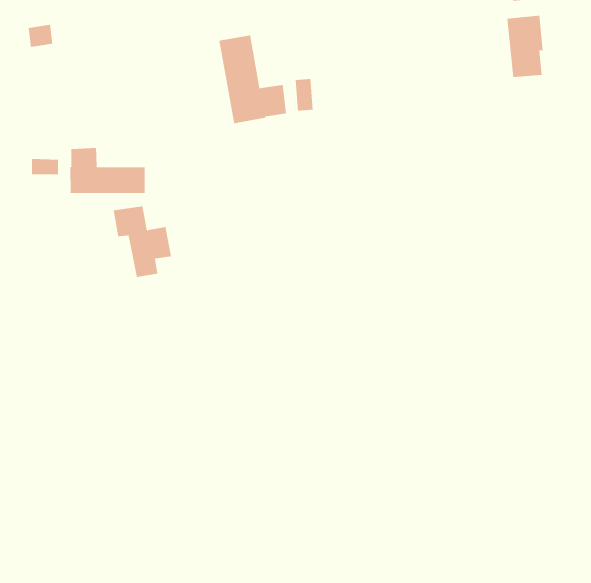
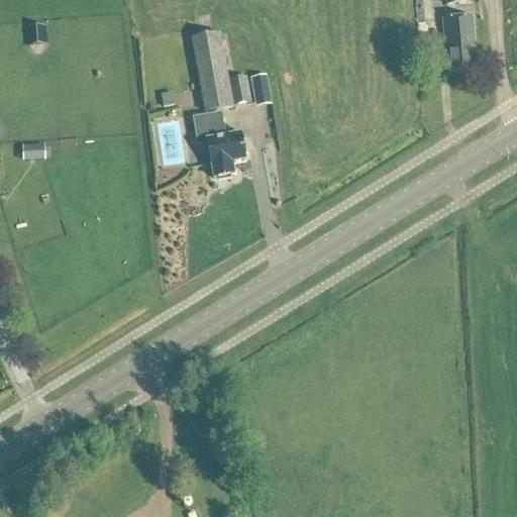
building: [70,147,145,194] -> none
building: [113,206,172,277] -> [194,112,245,175]

